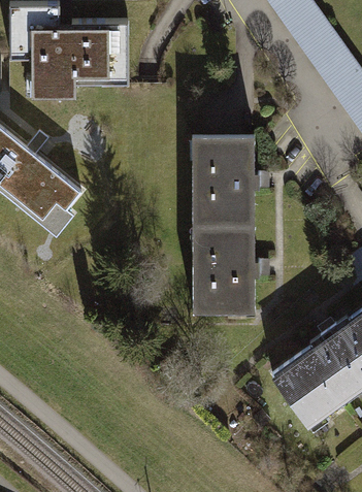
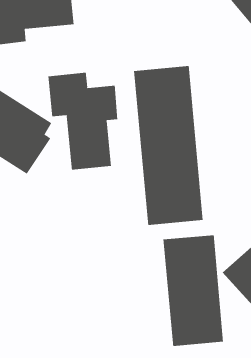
building: none -> [48,72,118,171]
building: none -> [163,234,223,347]

